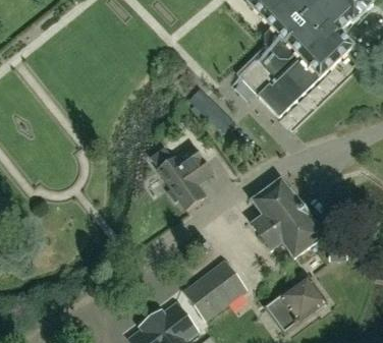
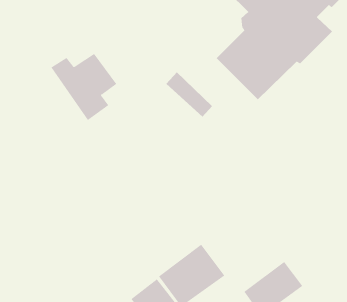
building: [147,144,213,211] -> [50,53,117,121]
building: [249,178,323,261] -> none

